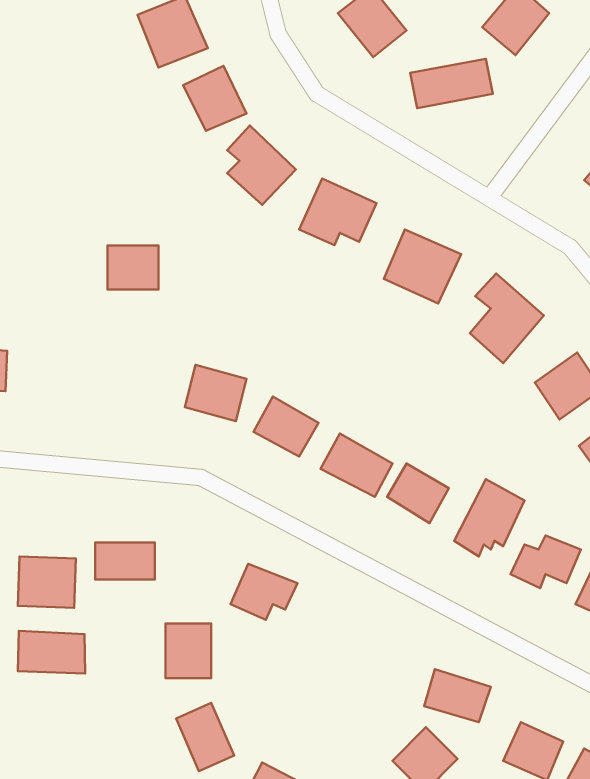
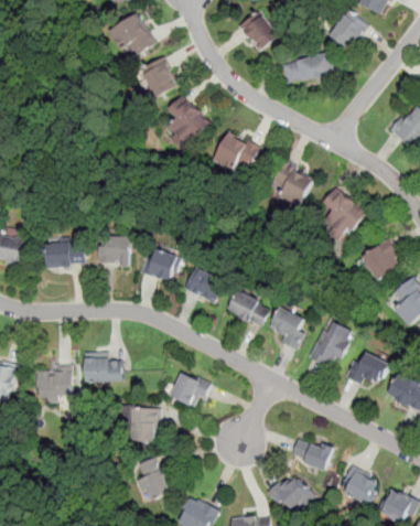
building: [108,245,159,289] -> [97,236,129,264]
building: none -> [45,241,83,267]
building: [18,631,85,673] -> none

